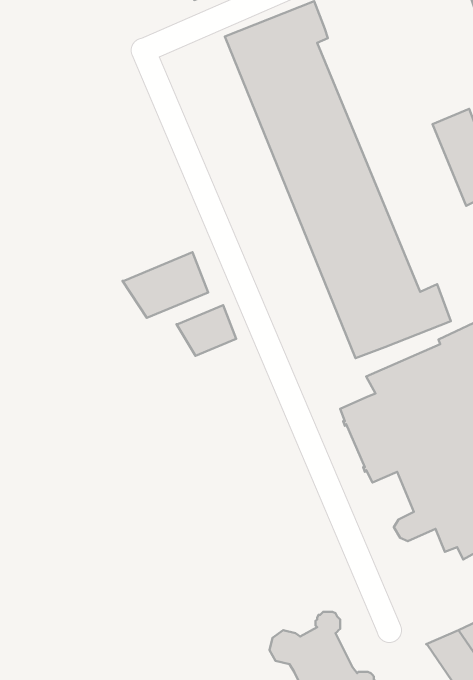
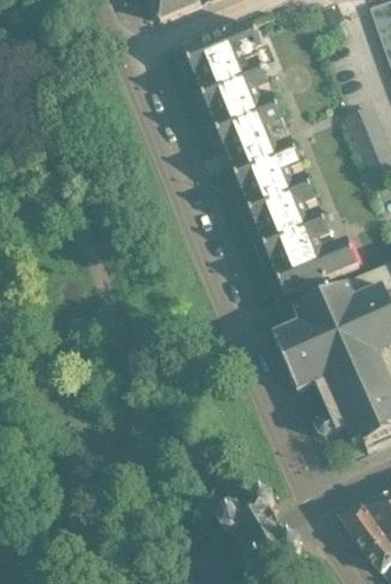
building: [122,252,208,318] -> none
building: [177,305,236,356] -> none

